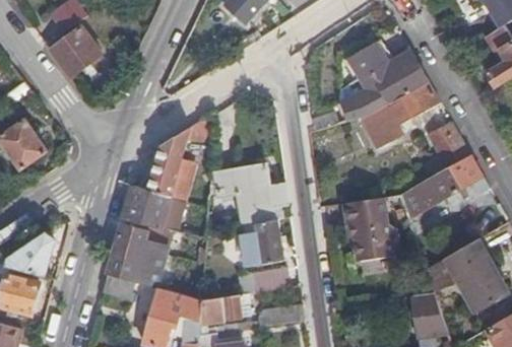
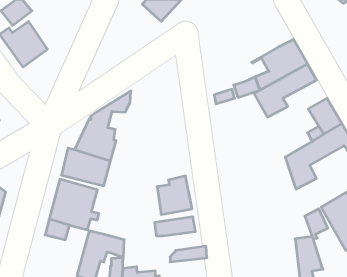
building: [348,41,393,79] -> none
building: [214,165,289,233] -> none
building: [345,199,401,263] -> none
building: [199,294,250,326] -> none

